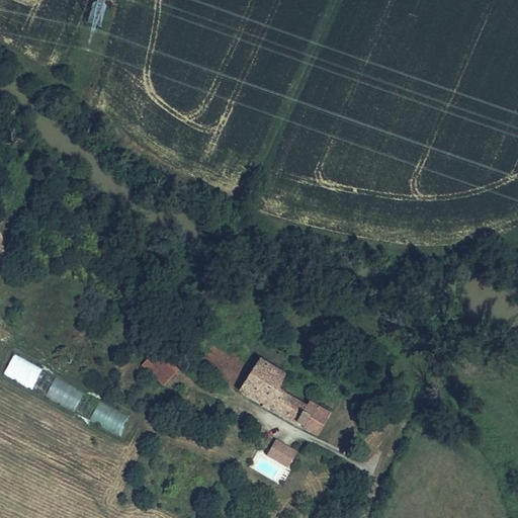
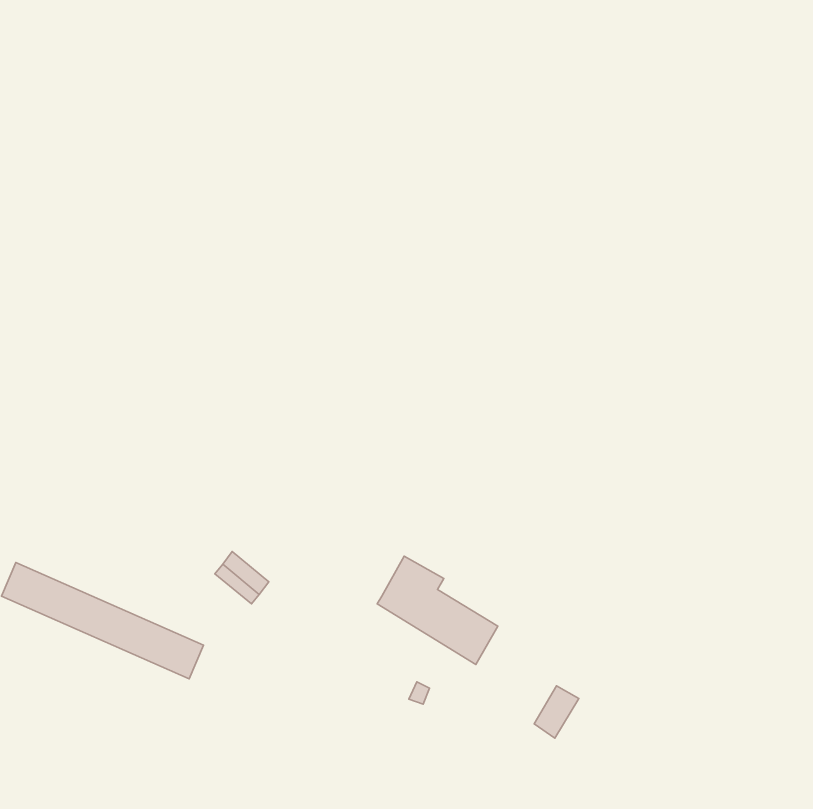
building: [303,401,331,434] -> [534,686,579,738]
building: [269,440,297,465] -> none

